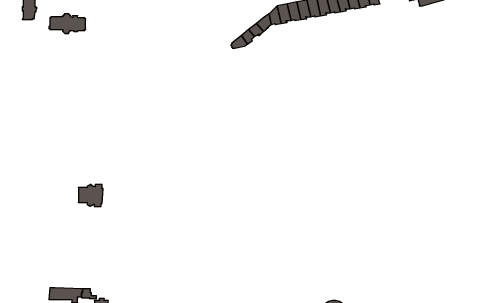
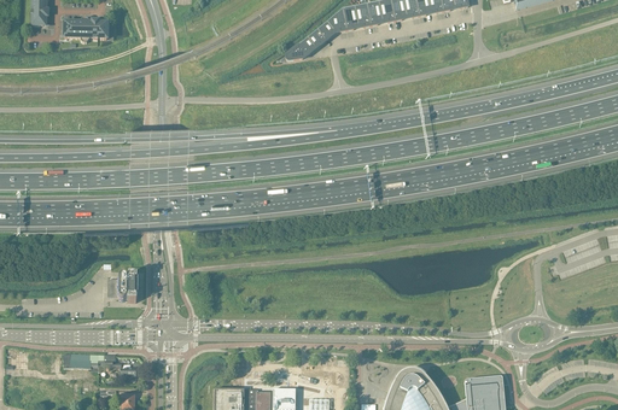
building: [78,185,103,206] -> [109,274,139,300]

